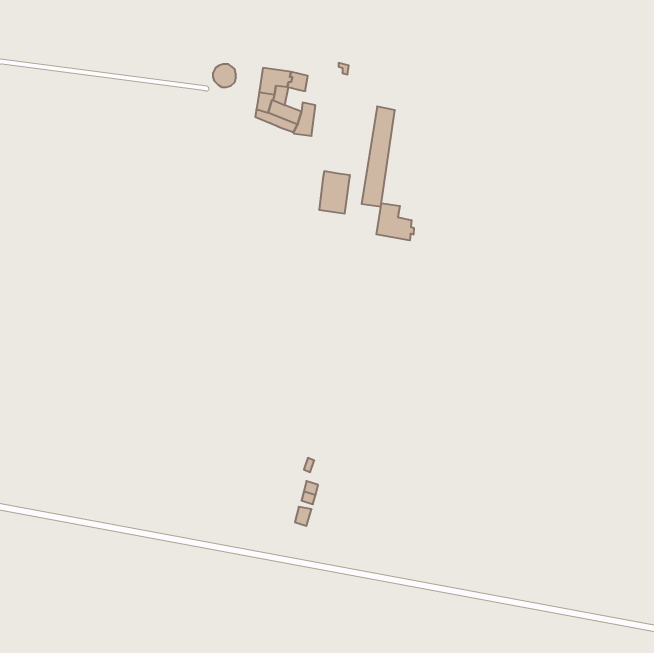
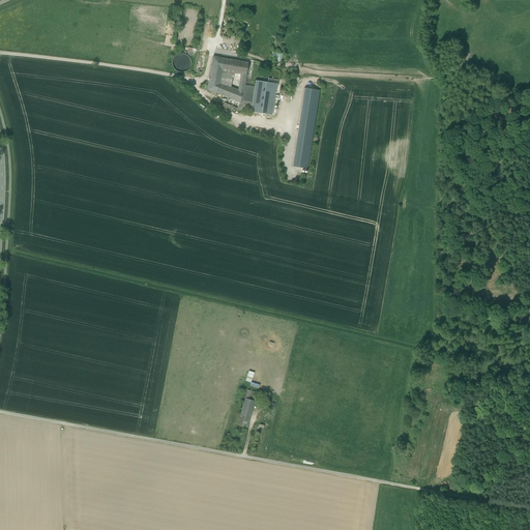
building: [319,171,350,214] -> [253,79,277,113]
building: [376,203,414,240] -> none

